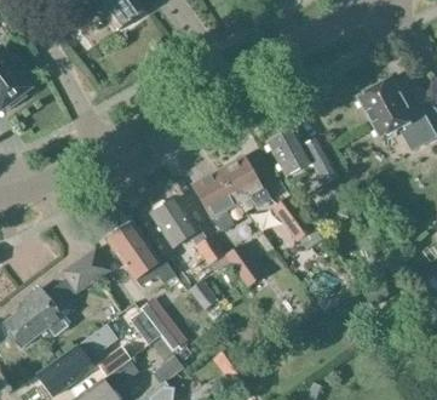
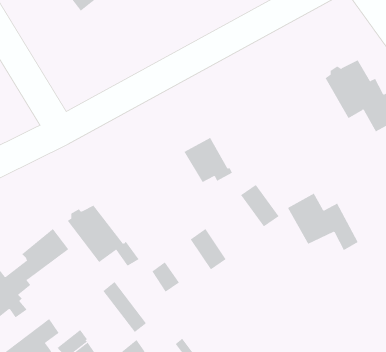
building: [270,128,340,185] -> [287,193,358,251]
building: [195,171,238,233] -> none
building: [150,198,224,265] -> none

